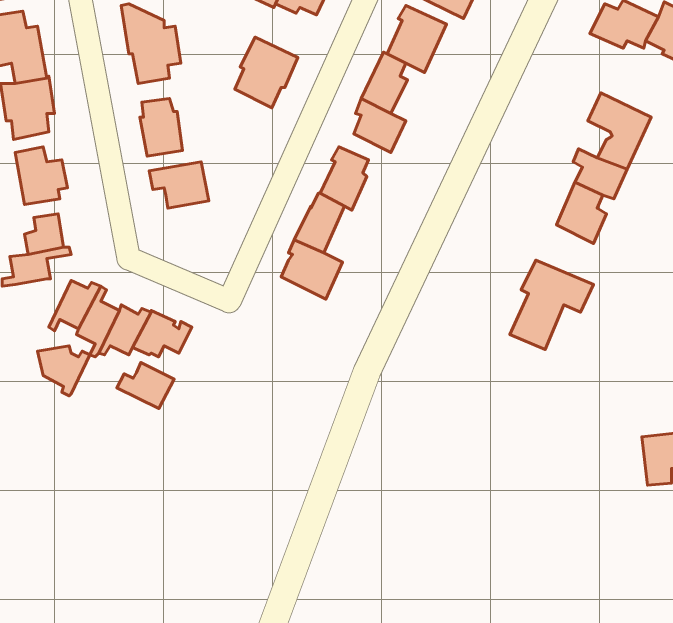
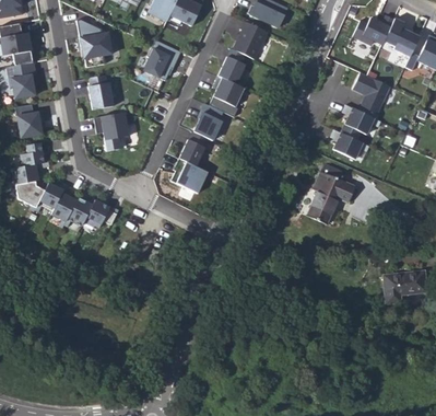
building: [38,346,90,396] -> [15,182,46,211]
building: [117,363,174,409] -> none

